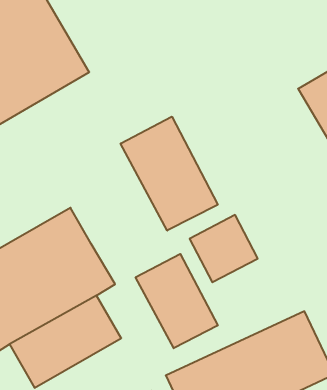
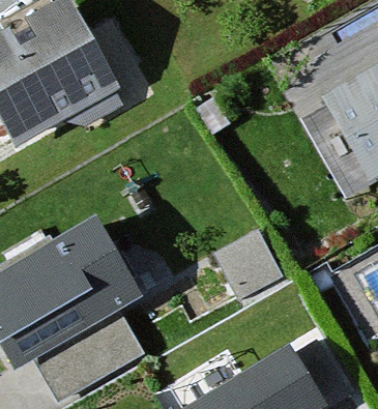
building: [121,117,218,231] -> none
building: [136,254,218,348] -> none

